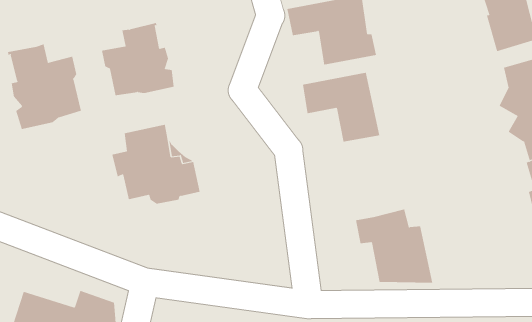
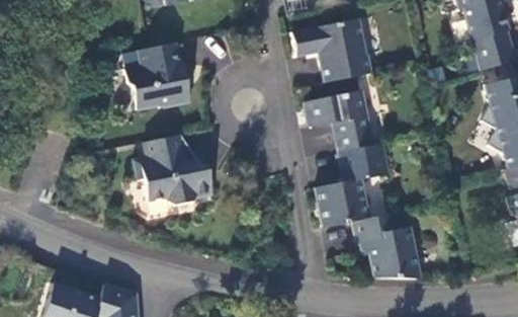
building: [8,43,82,130] -> none
building: none -> [315,142,391,227]

